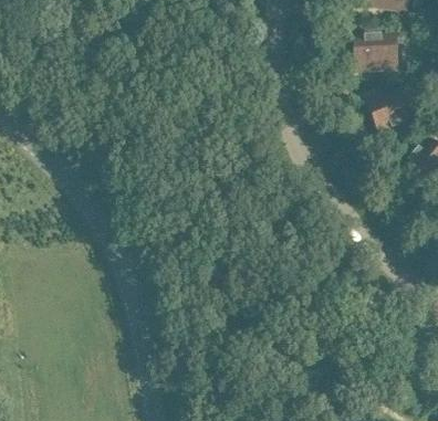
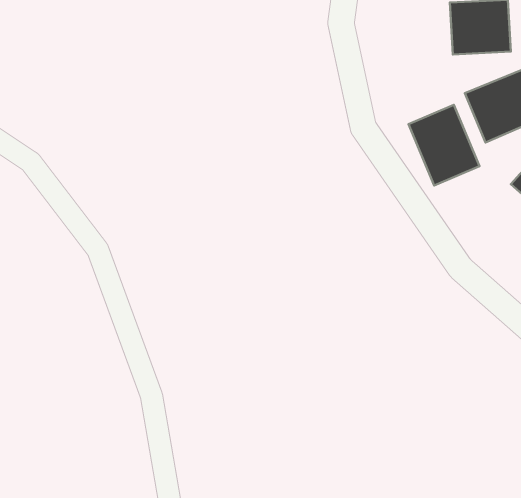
building: none -> [409,105,479,185]

